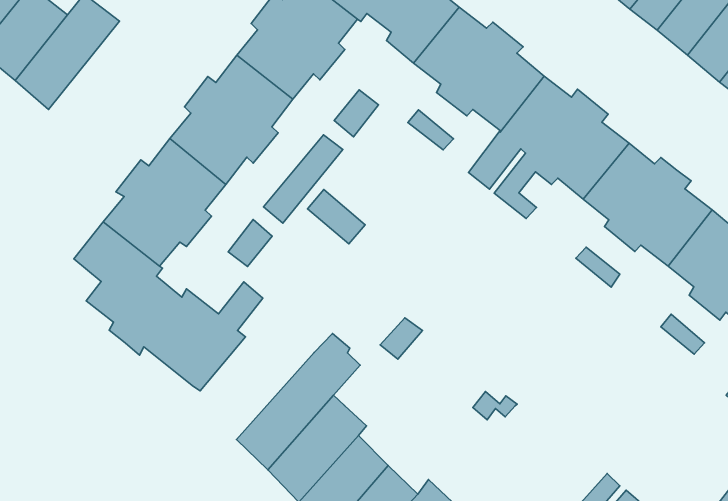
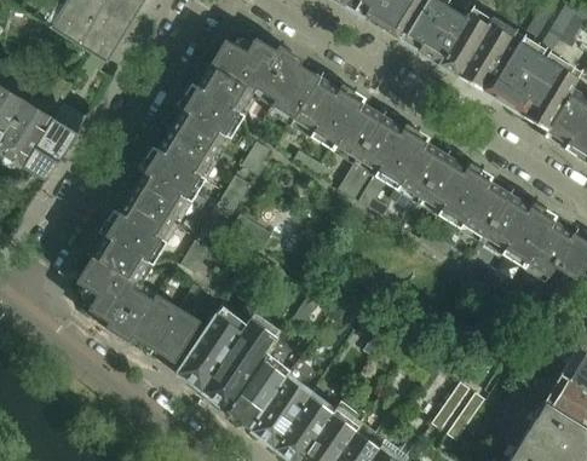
building: none -> [177,305,249,392]

